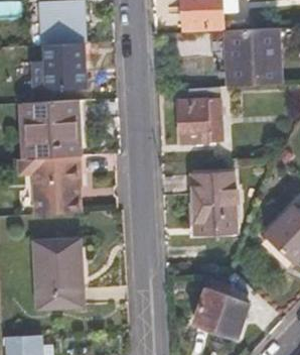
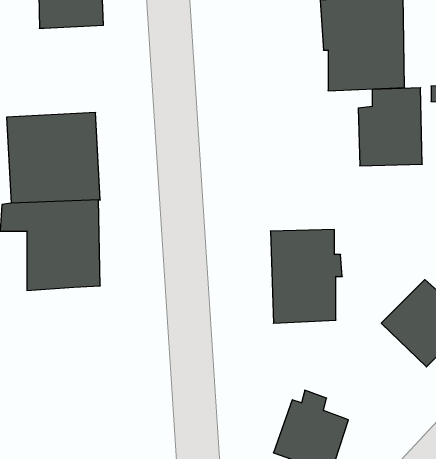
building: [35,45,88,91] -> none
building: [178,89,219,139] -> [358,88,422,166]
building: [37,241,86,311] -> none

